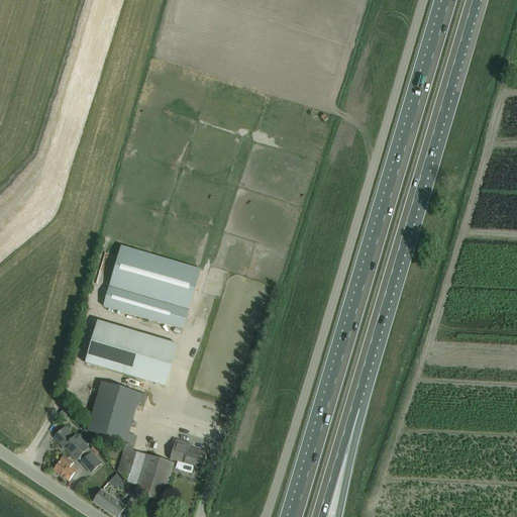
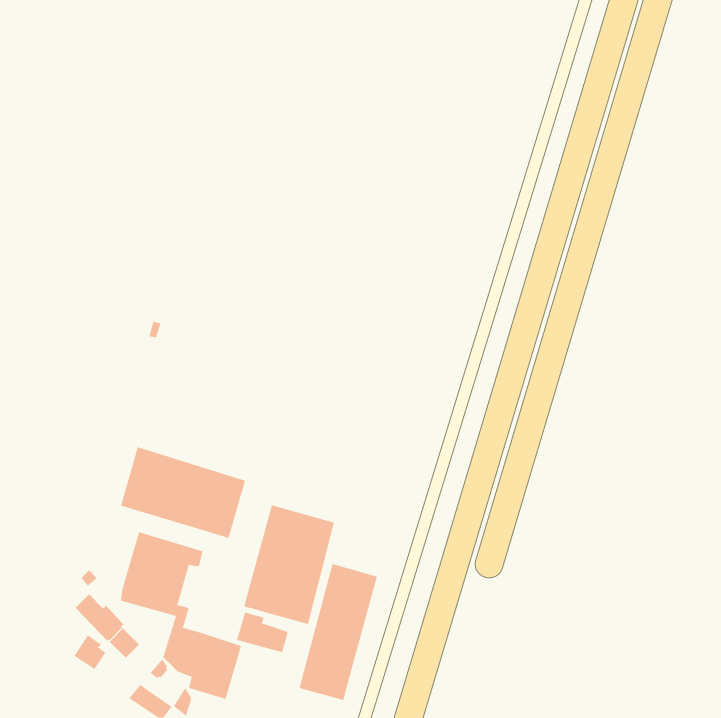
building: [103,244,200,325] -> none
building: none -> [244,505,335,625]
building: none -> [299,563,377,701]

